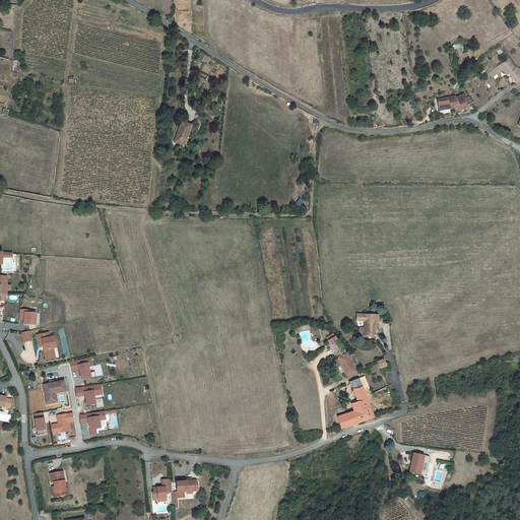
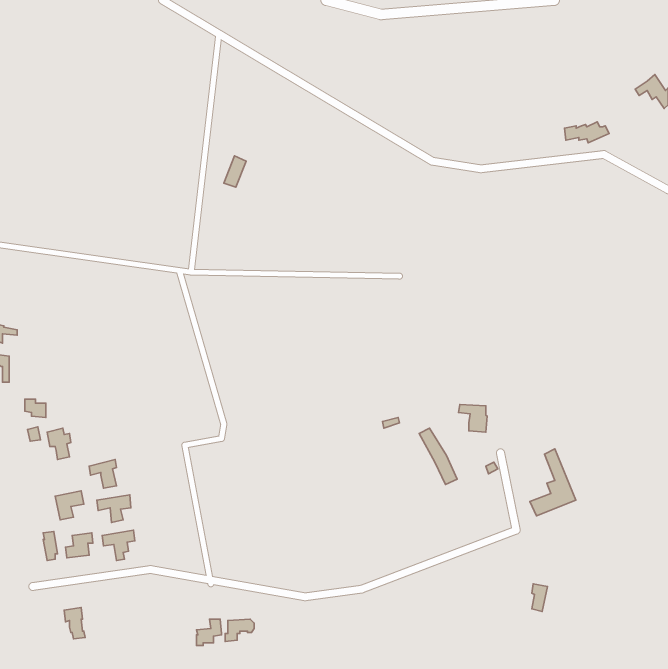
building: [338,378,374,430] -> [530,449,576,516]

